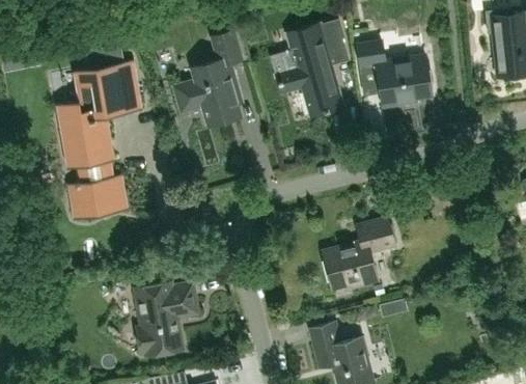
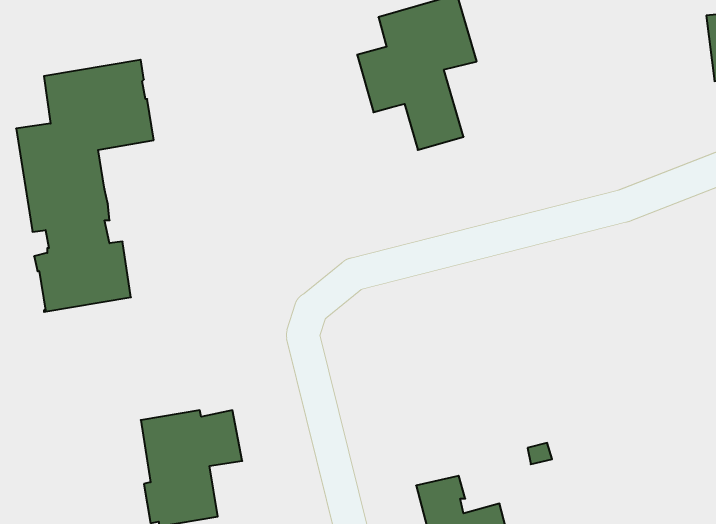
building: [174,32,241,127] -> none
building: [357,43,432,108] -> none
building: [323,219,395,290] -> none

